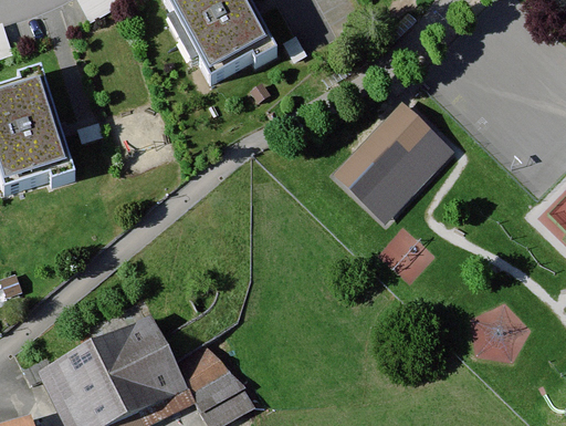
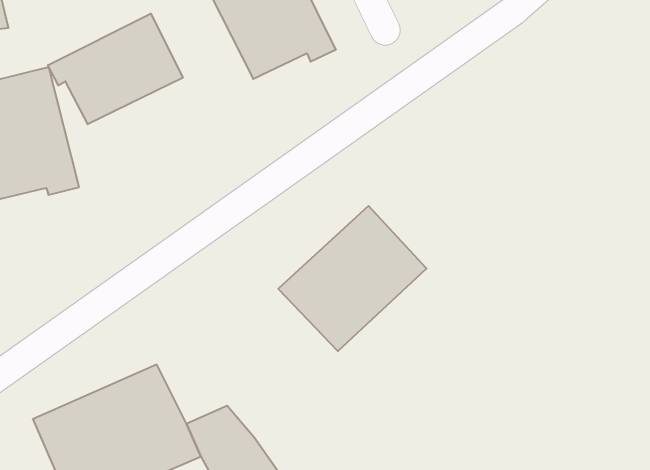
building: none -> [48,14,183,124]
building: [333,105,451,224] -> [278,206,427,351]

